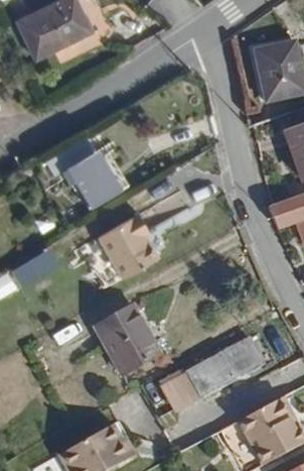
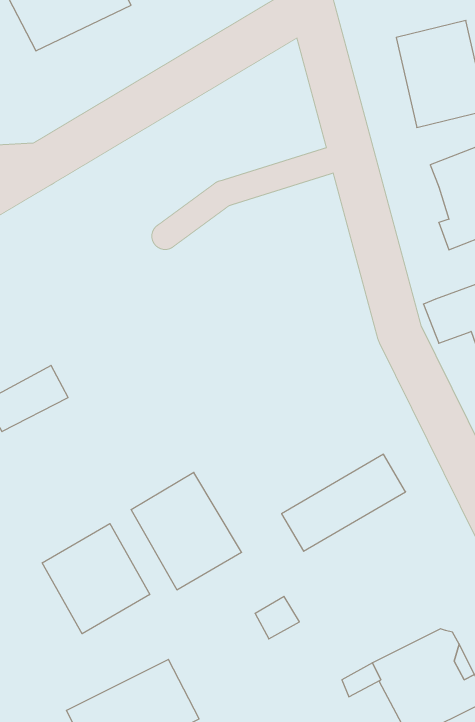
building: [68,136,130,206] -> none
building: [102,212,161,276] -> none
building: [184,337,258,394] -> [282,454,406,551]
building: none -> [42,524,150,634]

